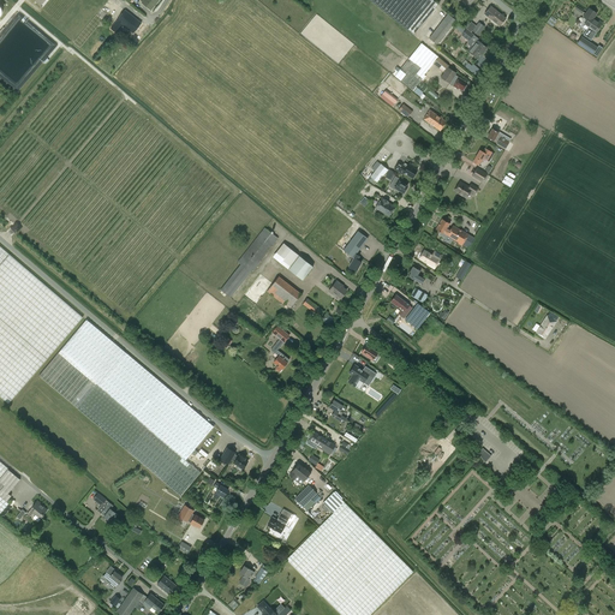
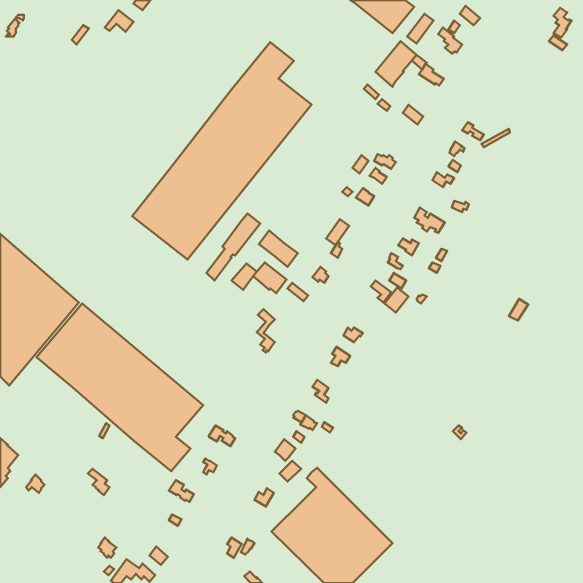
building: none -> [132,42,312,260]

